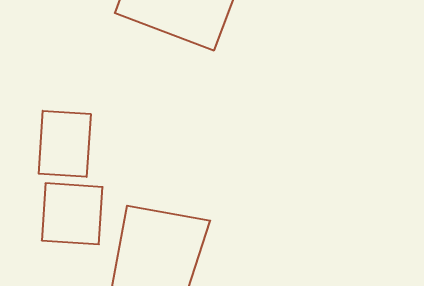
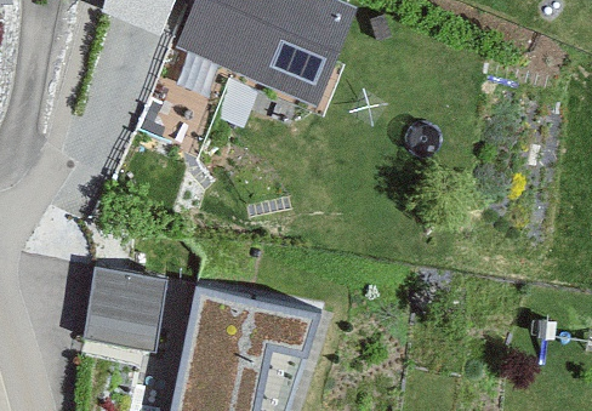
building: [39,111,91,177] -> none

